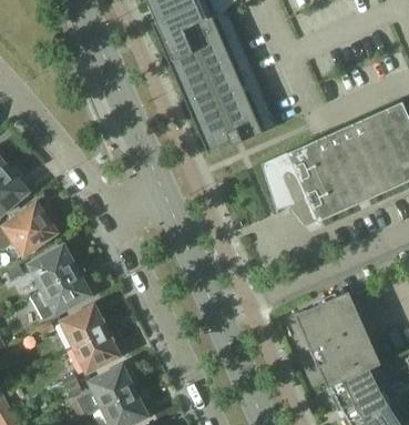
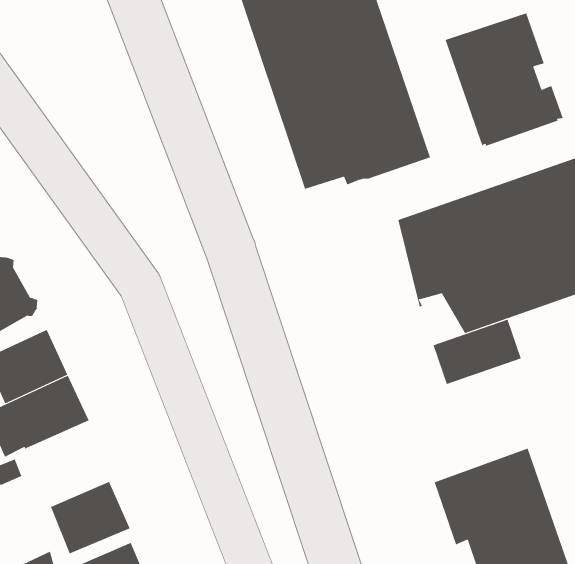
building: none -> [445,13,563,147]
building: none -> [433,319,522,385]
building: [60,304,106,347] -> none

